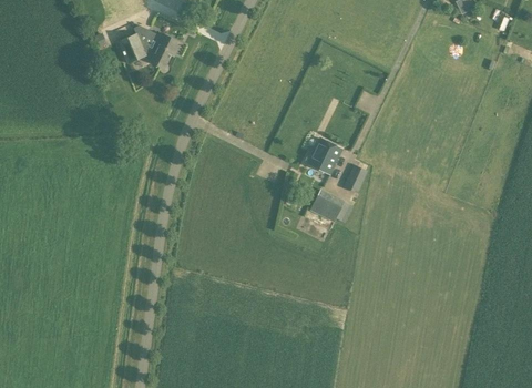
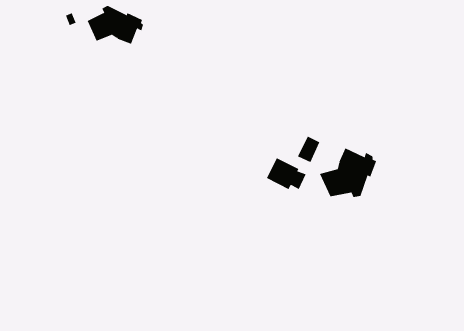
building: [305,137,341,172] -> none
building: none -> [319,148,377,198]

